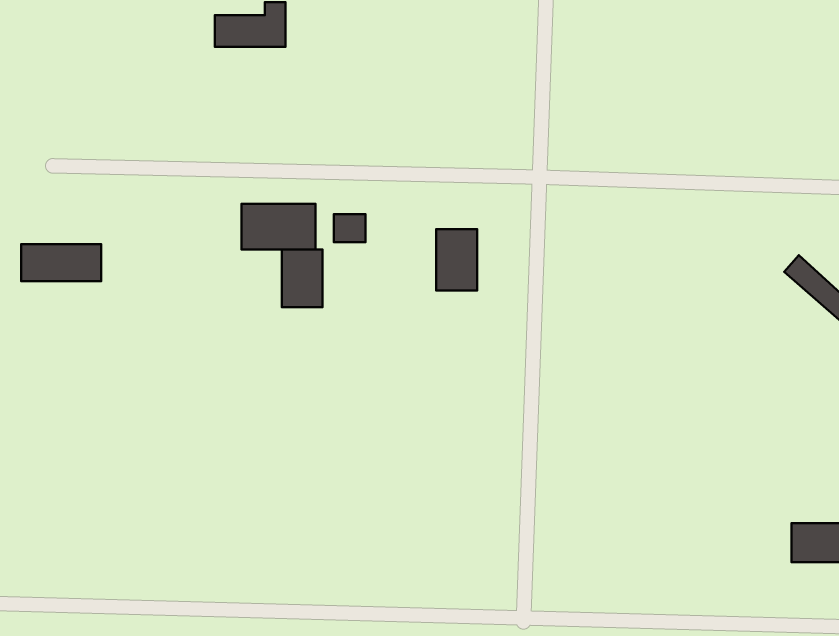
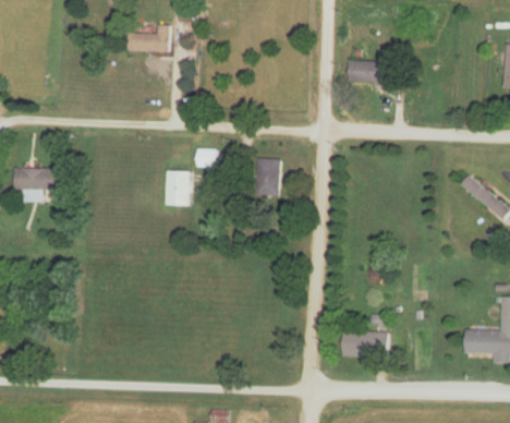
building: none -> [347,61,389,82]
building: [242,204,315,250] -> none
building: none -> [342,333,388,356]

